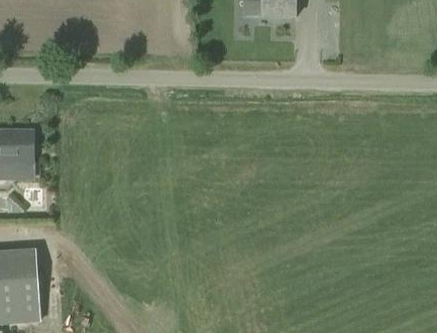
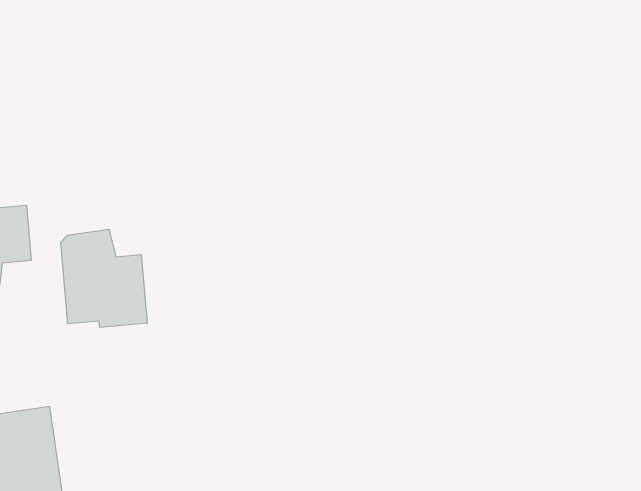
building: none -> [61,229,147,327]

